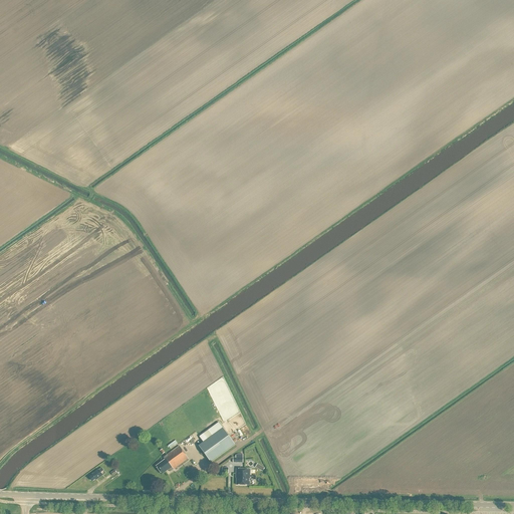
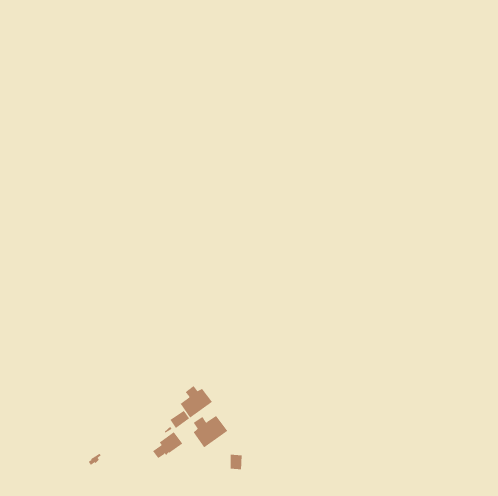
building: none -> [180,385,213,418]

